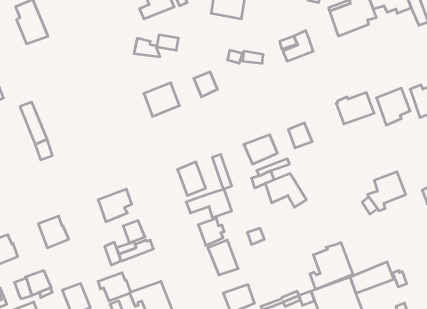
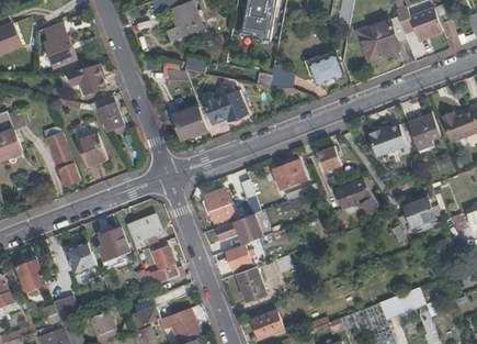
building: none -> [67,64,106,95]
building: none -> [205,91,248,122]
building: none -> [90,95,126,133]
building: none -> [81,133,110,167]
building: [265,174,306,207] -> [338,178,379,212]
building: none -> [98,229,128,269]
building: [310,243,353,289] -> none

